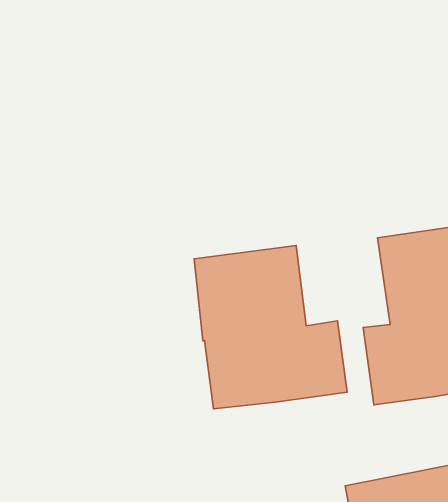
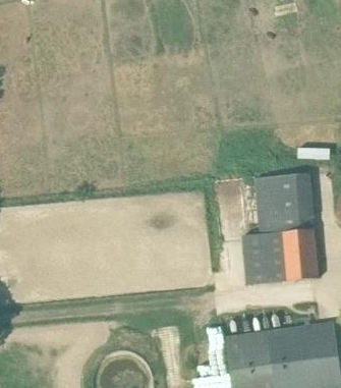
building: [194,246,347,409] -> none

